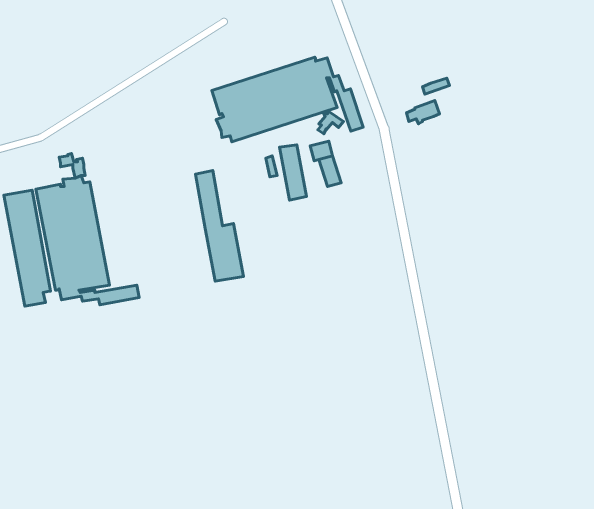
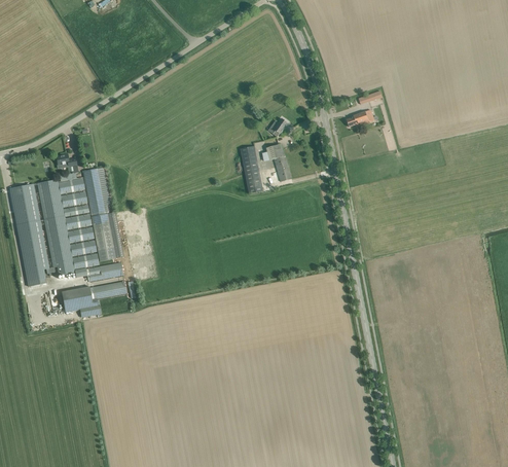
building: [212,57,363,142] -> none
building: [195,170,243,281] -> [82,168,122,260]
building: none -> [61,282,125,312]

